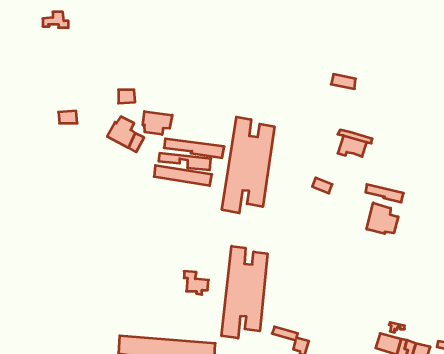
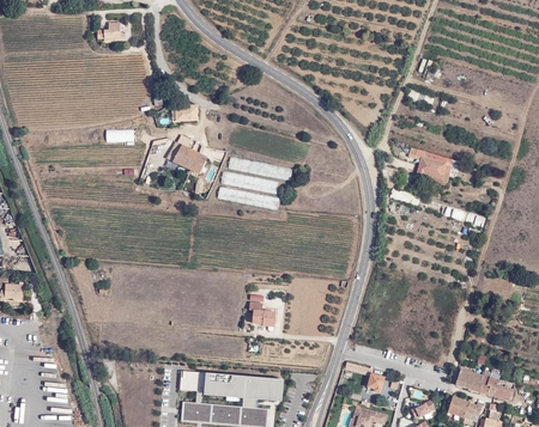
building: [143,111,172,135] -> none
building: [222,117,274,213] -> none
building: [367,203,398,234] -> none
building: [222,246,267,338] -> none

